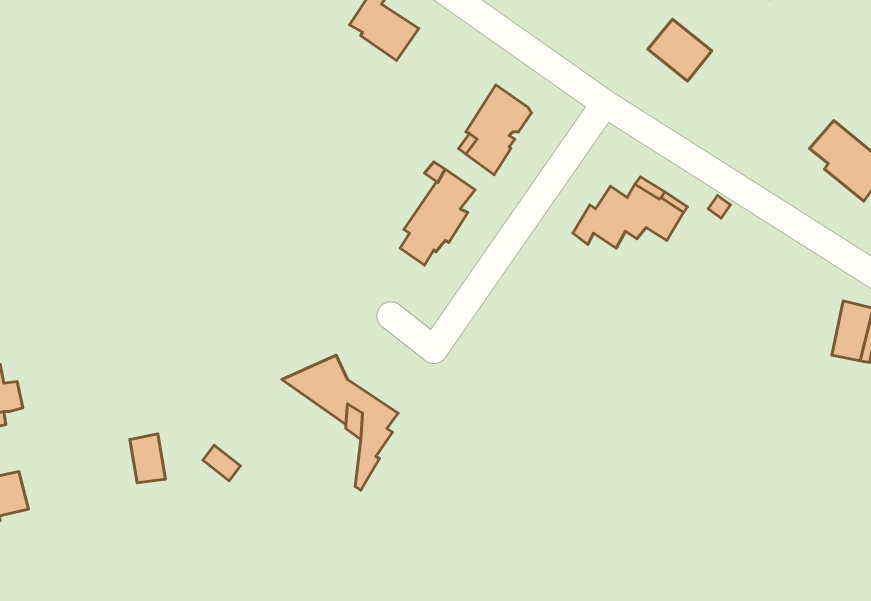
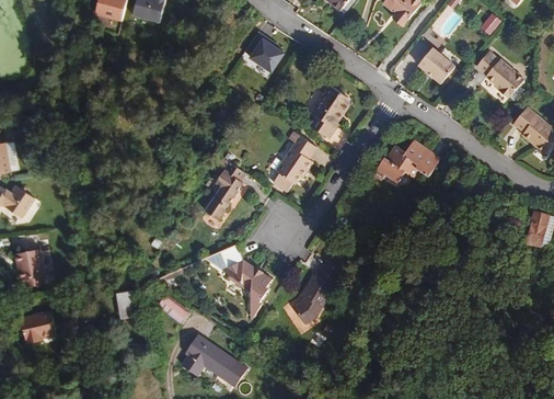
building: none -> [476,50,524,96]
building: none -> [206,157,245,219]
building: none -> [295,261,339,320]
building: none -> [182,334,236,379]

